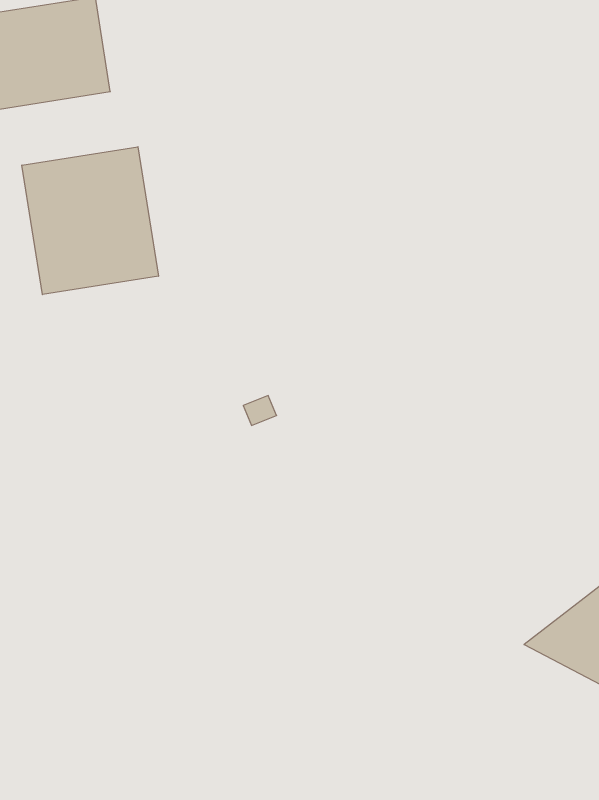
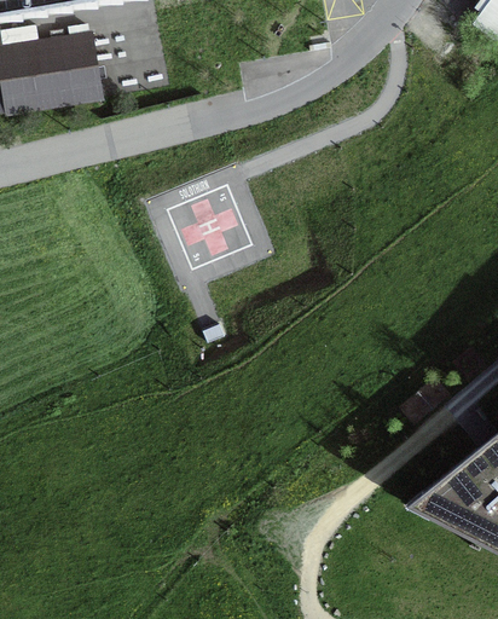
building: [22,147,158,295] -> none

